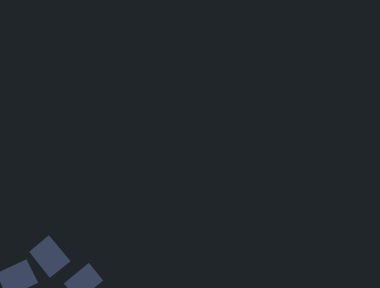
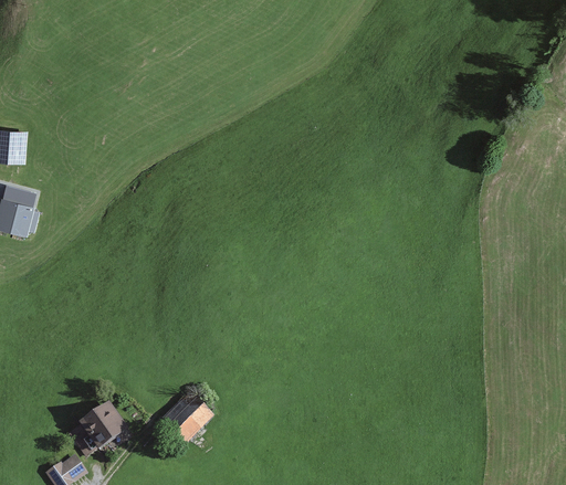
building: [28,234,72,279] -> none

